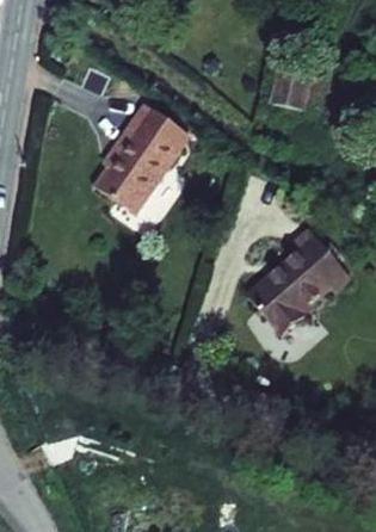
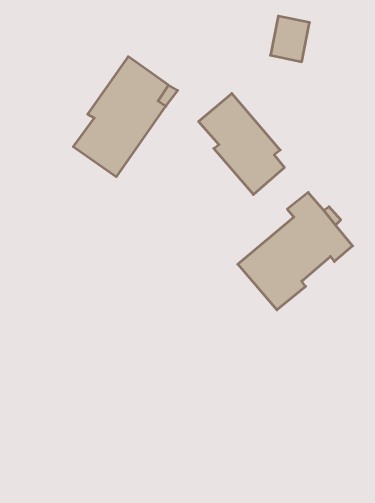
building: none -> [199,93,284,195]

